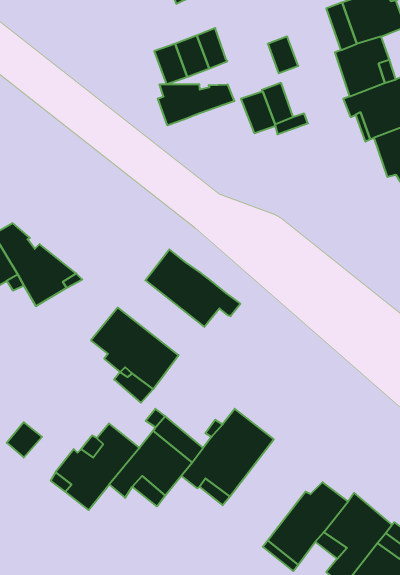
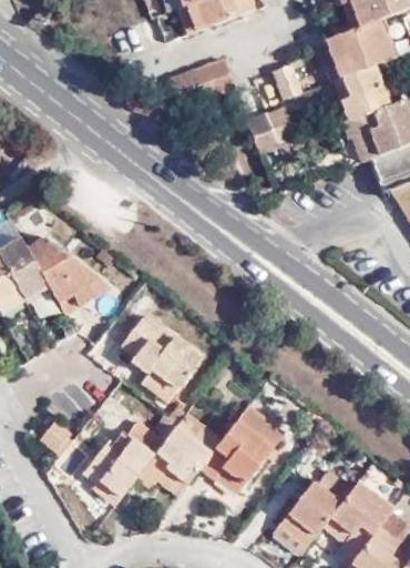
building: [158,84,234,125] -> none
building: [145,249,240,327] -> none

